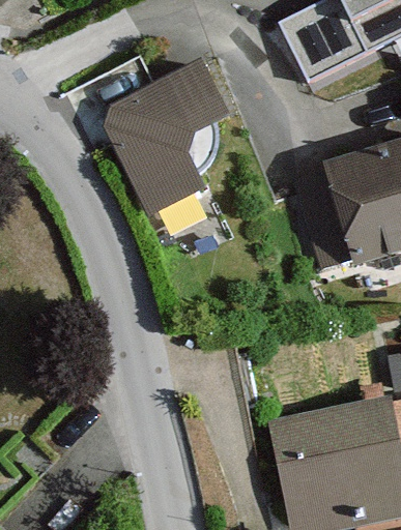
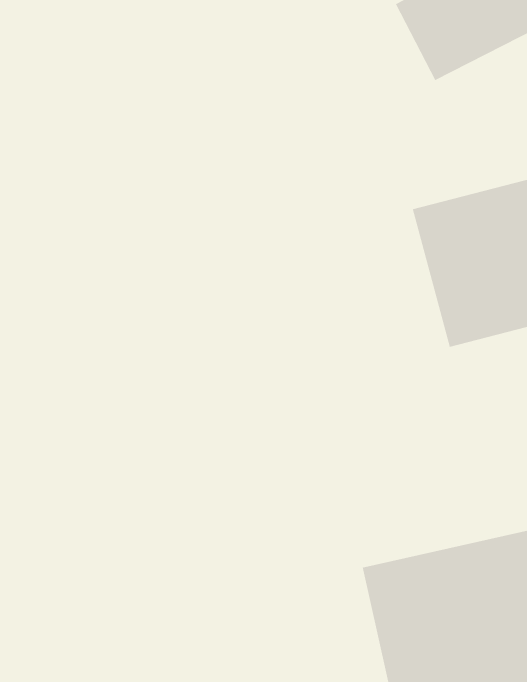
building: [97,56,234,227] -> none

